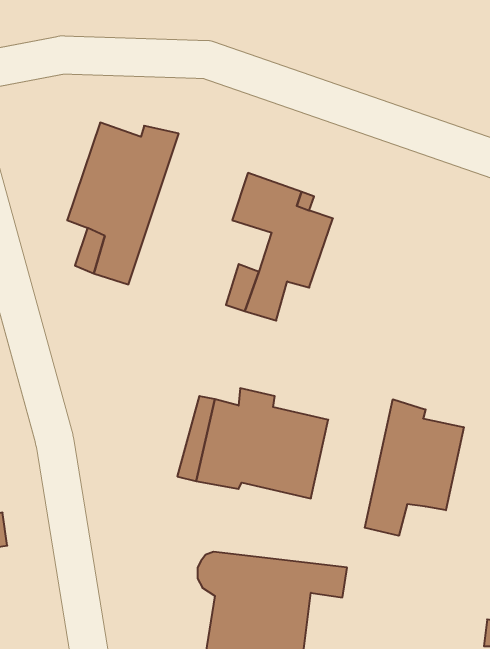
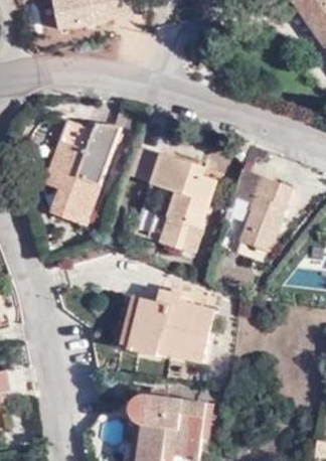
building: none -> [231,168,291,252]
building: [365,399,464,536] -> none

